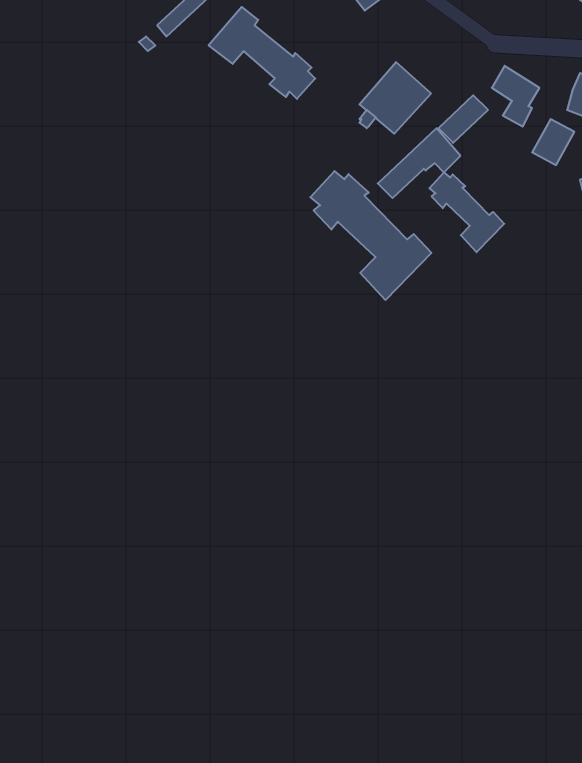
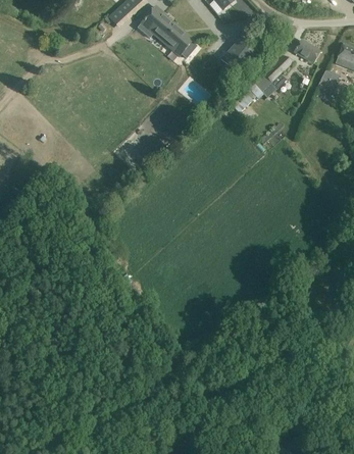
building: [310,171,431,300] -> none
building: [429,172,504,252] -> none

